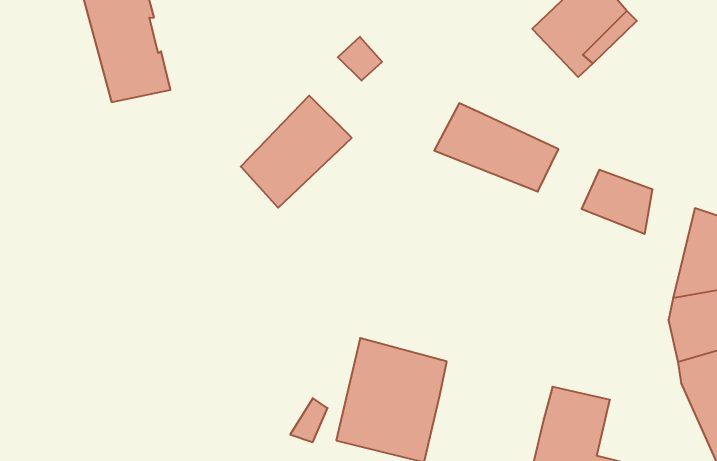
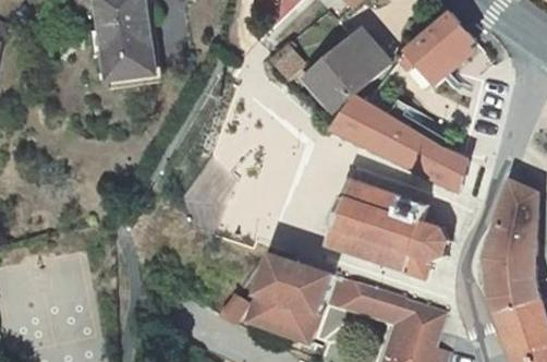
building: [241,96,352,208] -> [307,32,386,108]
building: none -> [401,133,445,176]
building: none -> [326,179,447,277]
building: none -> [323,275,401,319]

